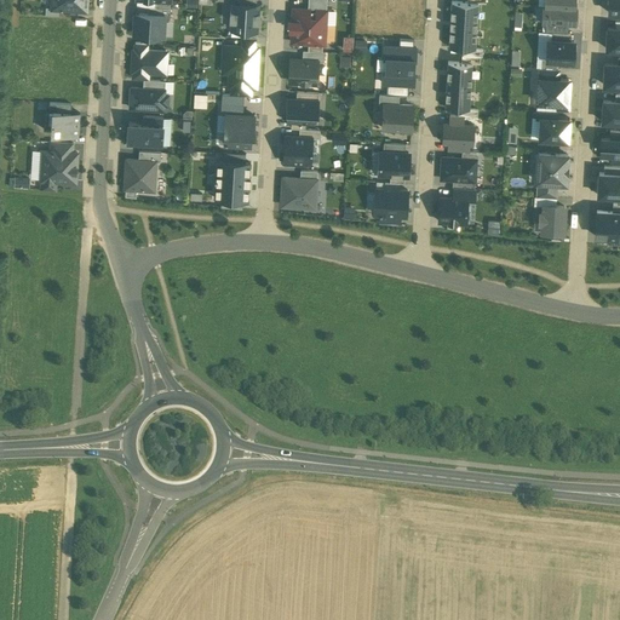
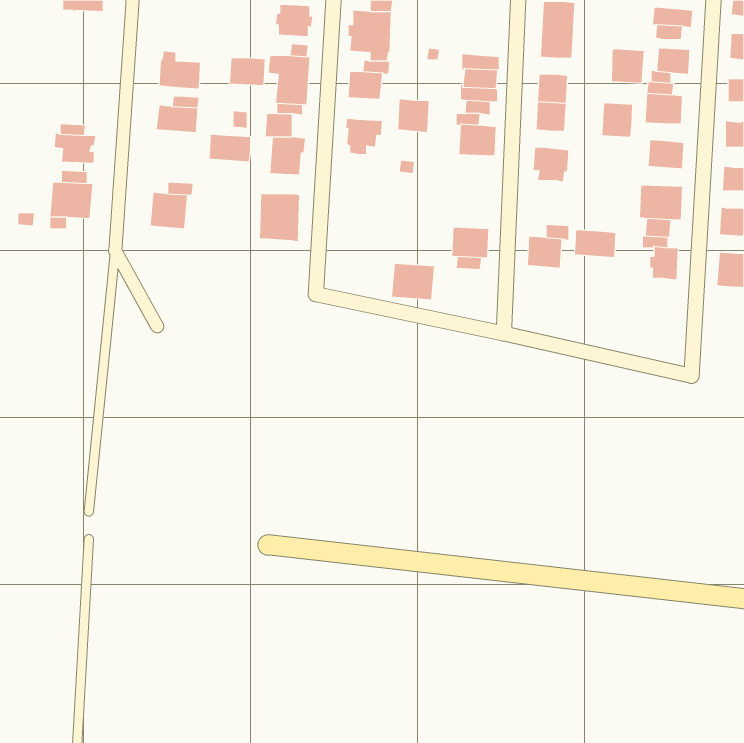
building: [134,16,165,39] -> [229,58,266,85]
building: none -> [611,49,644,83]
building: none -> [602,102,632,138]
building: [127,124,162,147] -> [209,134,251,162]
building: [285,137,311,165] -> [397,99,429,132]
building: [378,153,409,177] -> none
building: [441,159,476,182] -> [574,230,616,257]
building: [281,178,317,208] -> [391,263,435,300]

